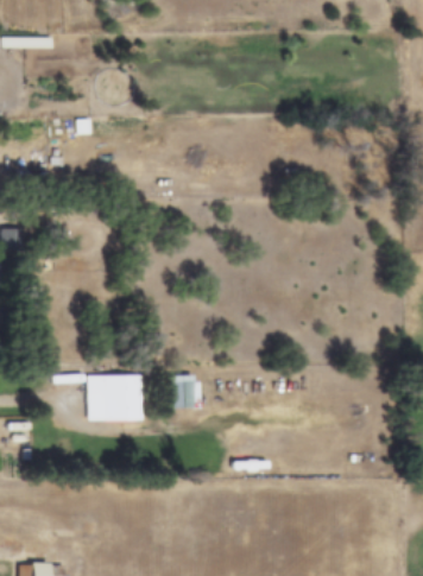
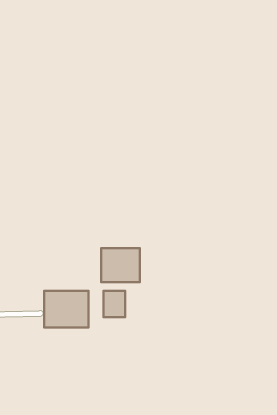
building: none -> [101,248,140,282]

